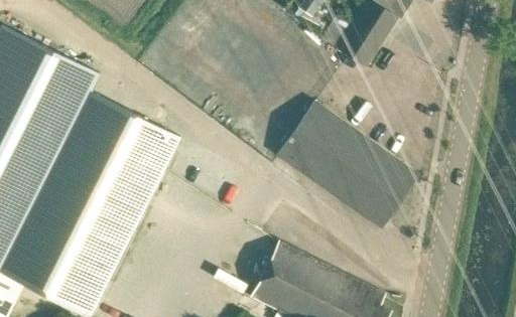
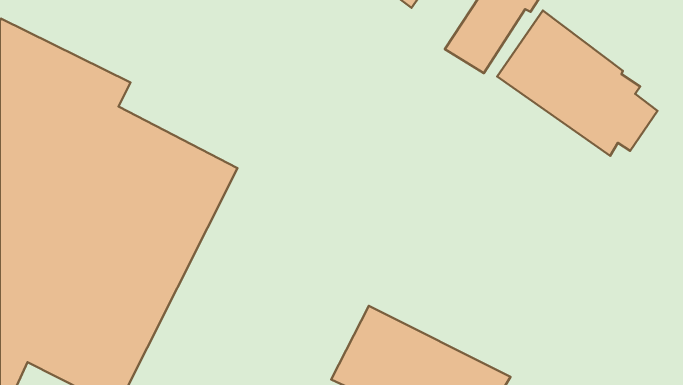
building: none -> [497,10,658,156]
building: [276,101,418,227] -> none

